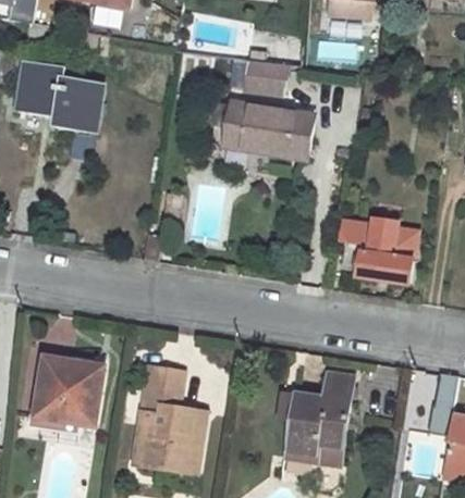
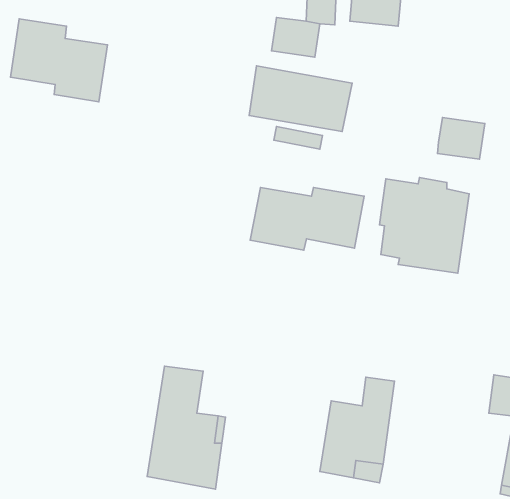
building: none -> [437,118,485,159]
building: none -> [250,187,364,250]
building: [35,358,102,426] -> none

